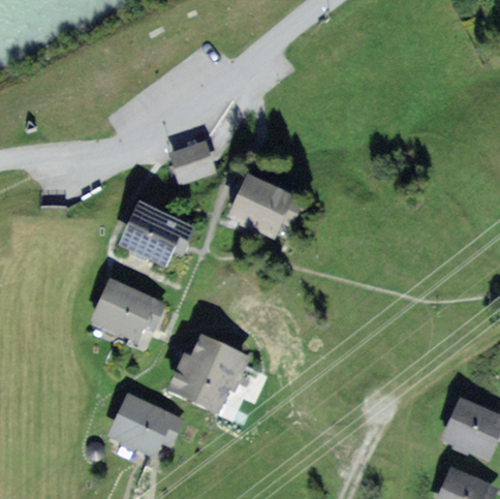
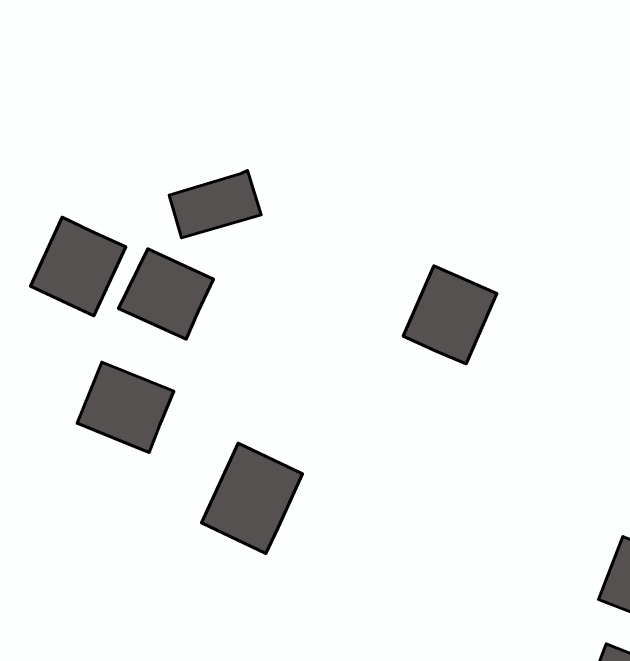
building: [229,173,292,239] -> [403,266,497,364]
building: none -> [30,217,126,316]
building: [108,394,171,455] -> none

